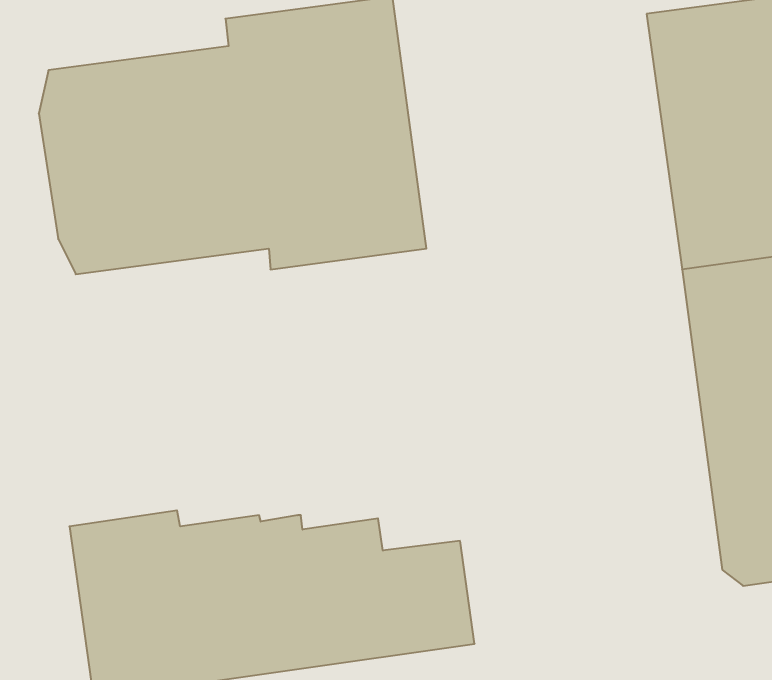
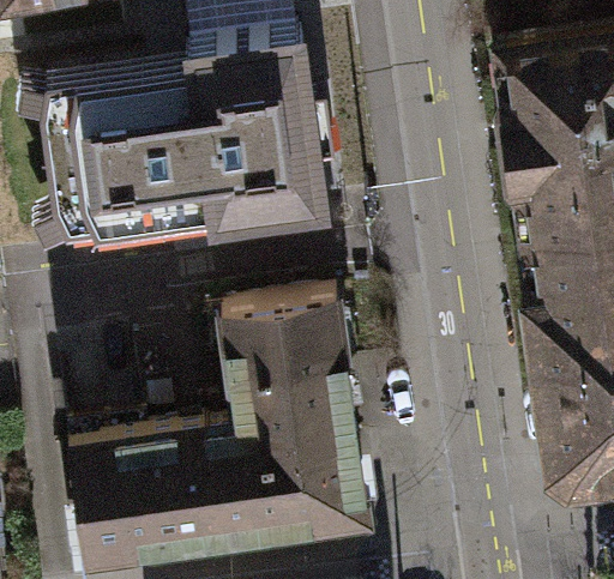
building: none -> [206,295,360,452]

